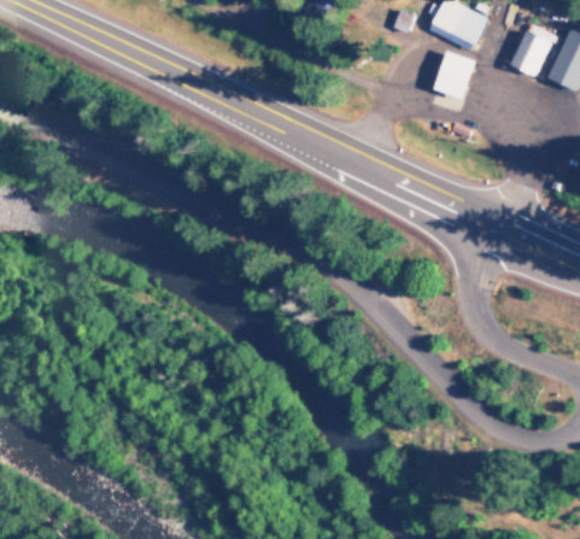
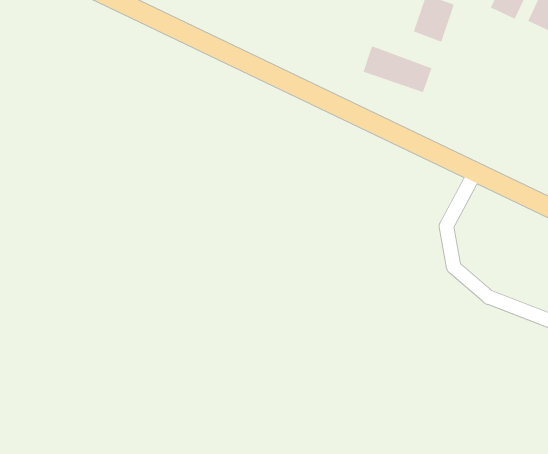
building: none -> [363,45,432,93]

